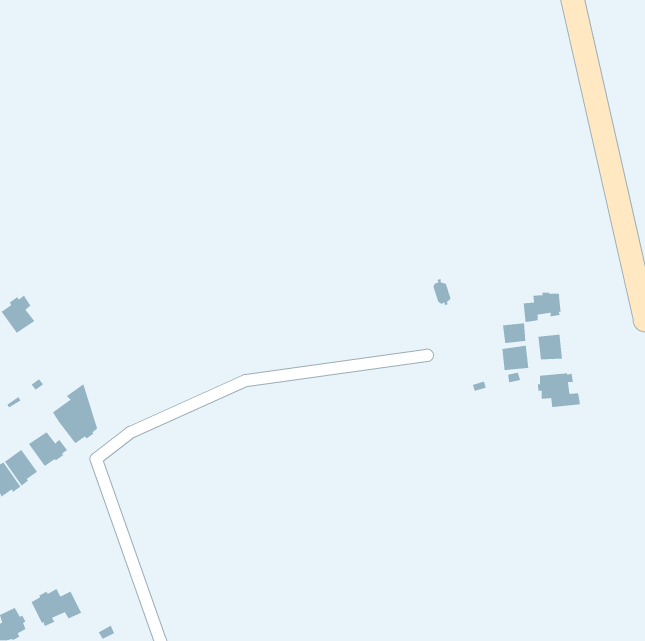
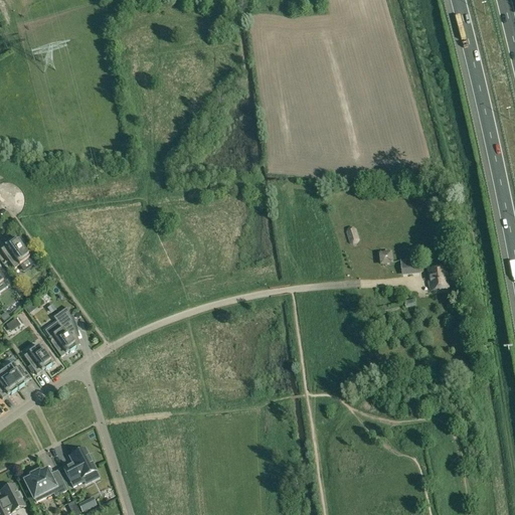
building: [523,292,562,323] -> none
building: [502,345,529,371] -> none
building: [537,372,581,408] -> none
building: none -> [62,447,95,485]

